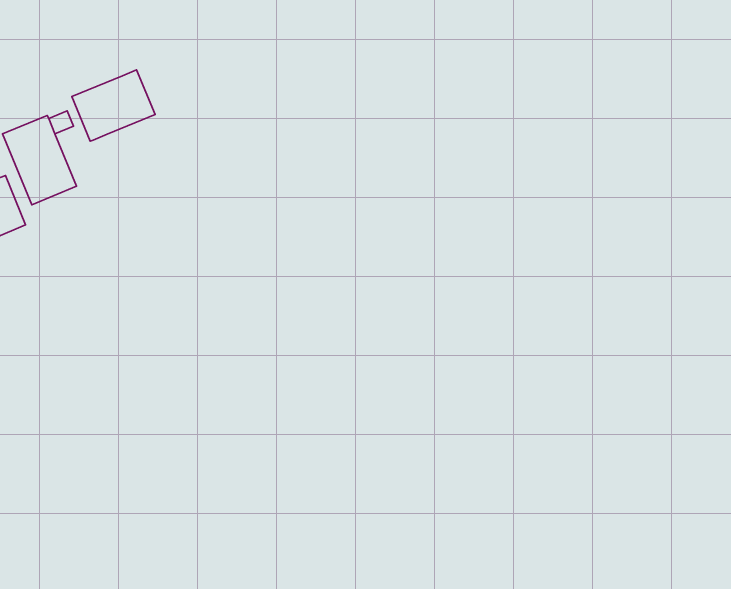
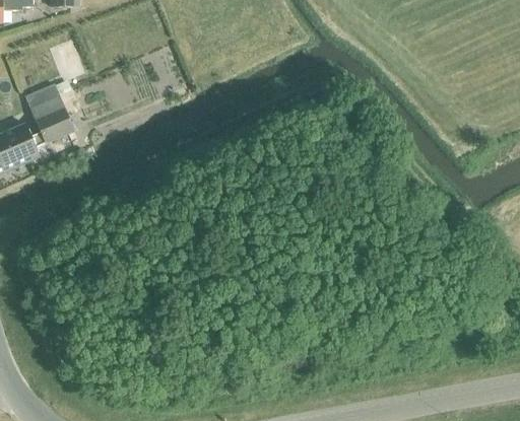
building: [72,70,155,141] -> none

